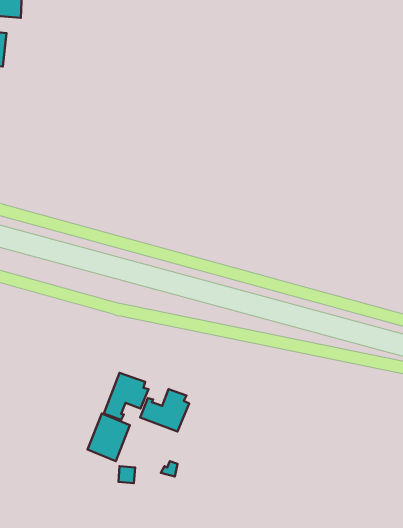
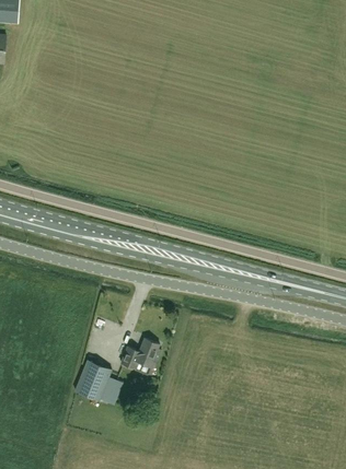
building: [104,373,148,420] -> none

